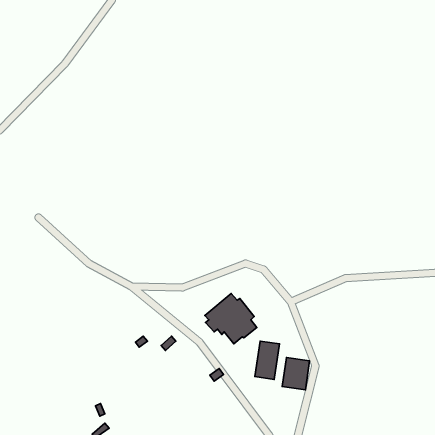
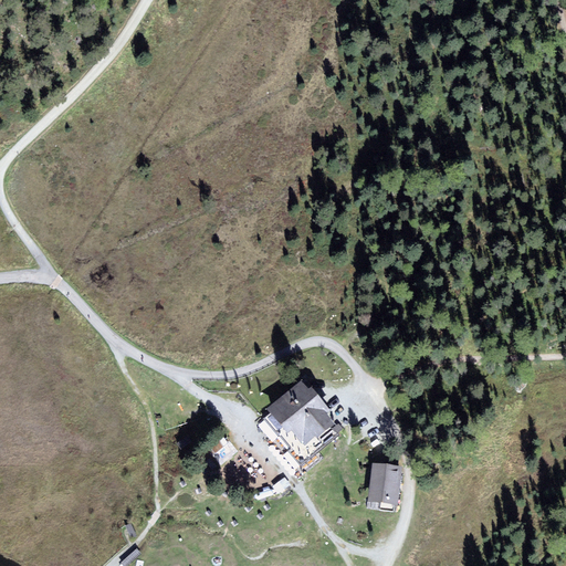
building: [255,341,279,379] -> none

